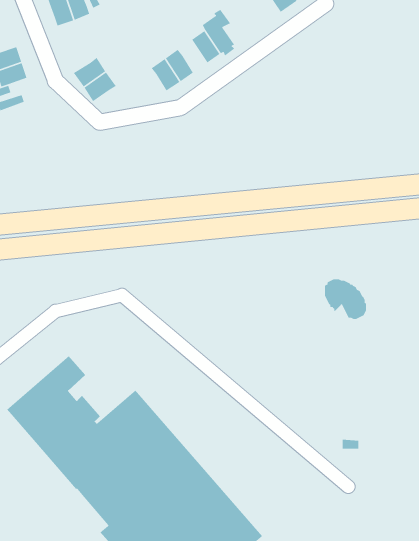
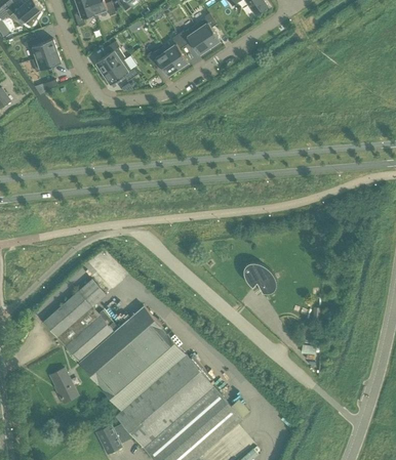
building: [324,278,367,320] -> [243,261,276,293]
building: none -> [49,367,78,402]

